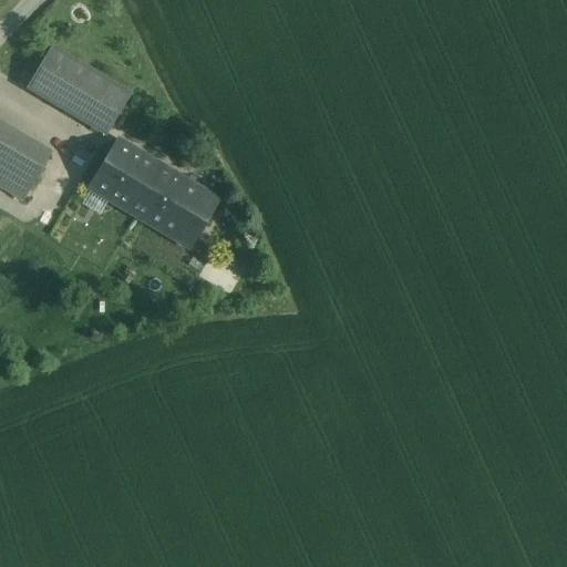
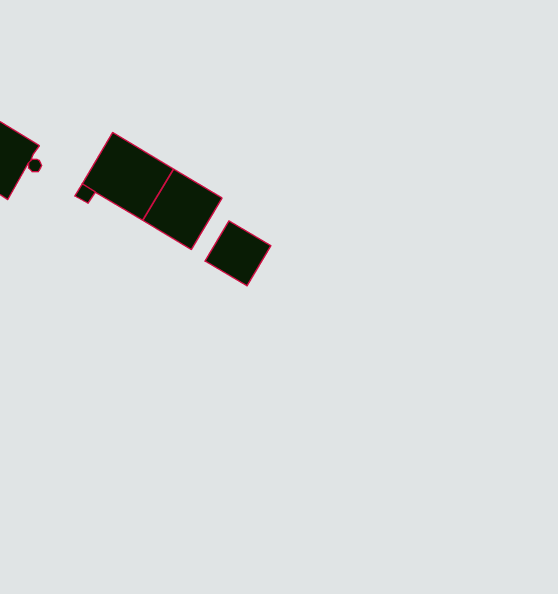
building: [28,47,130,133] -> none
building: none -> [205,221,271,286]

